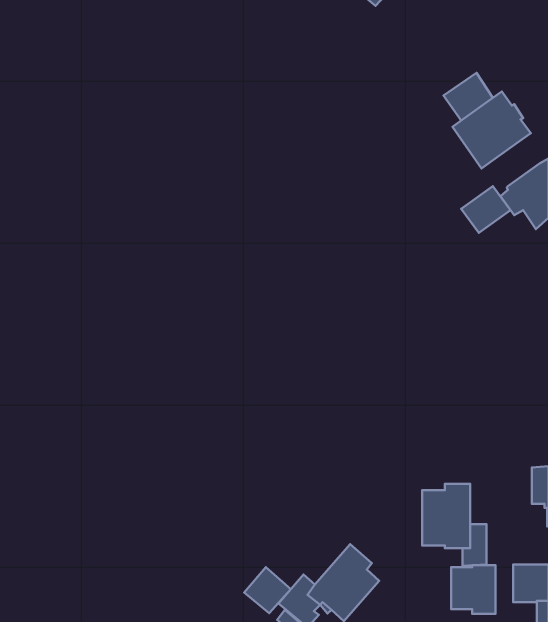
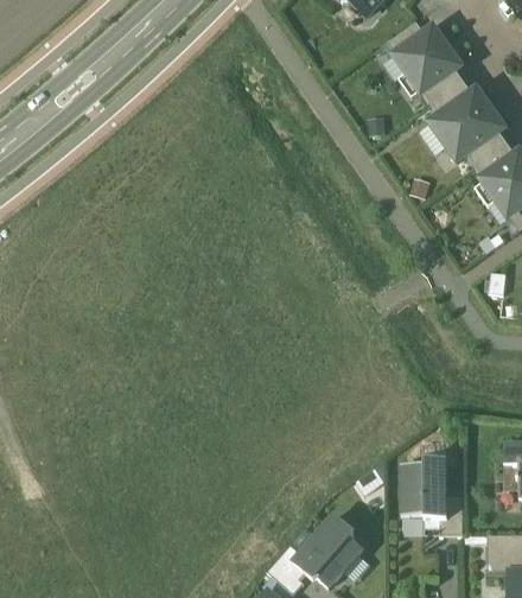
building: none -> [395,25,460,94]
building: [461,186,511,233] -> [466,132,513,176]
building: [451,565,495,614] -> none
building: [244,567,291,613] -> none

